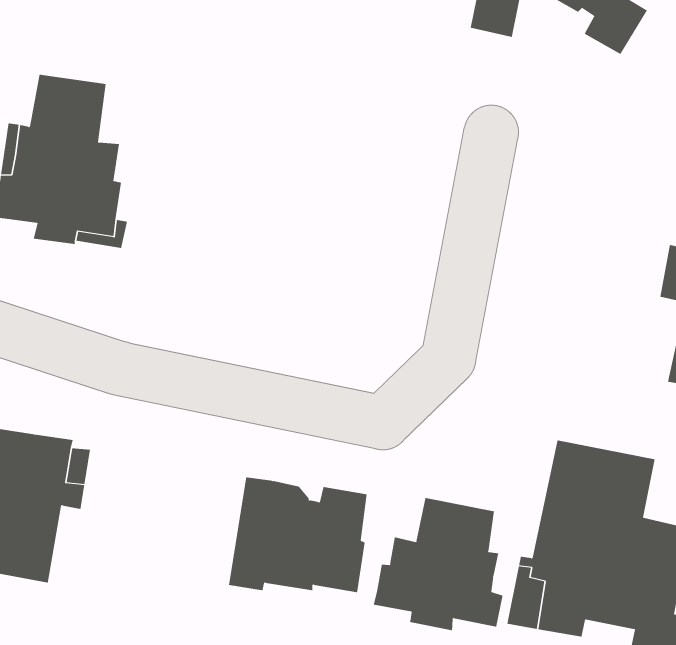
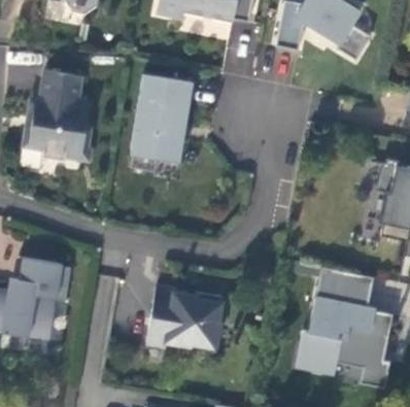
building: none -> [131,74,195,172]
building: [373,497,503,631] -> none

